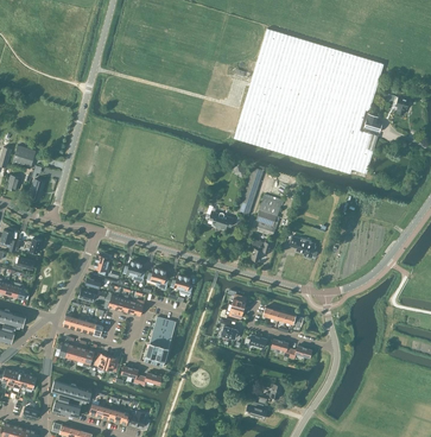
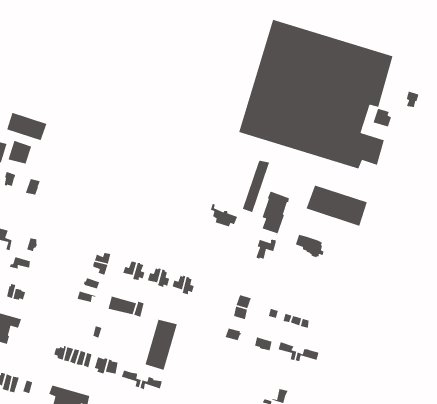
building: none -> [6,112,48,141]
building: none -> [306,185,368,227]

